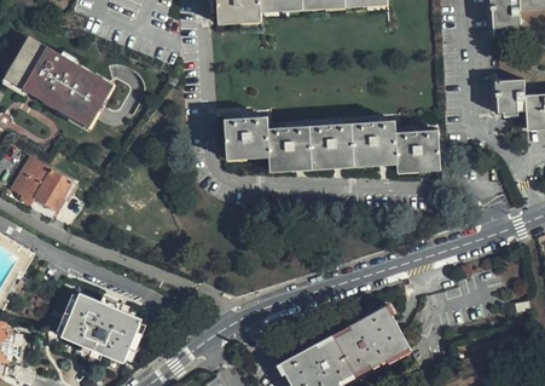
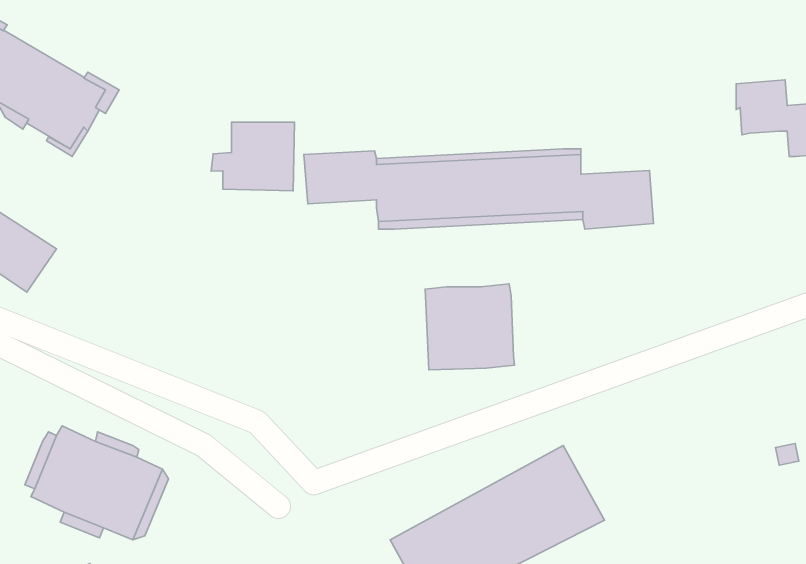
building: none -> [211,122,295,191]
building: none -> [425,284,514,370]

